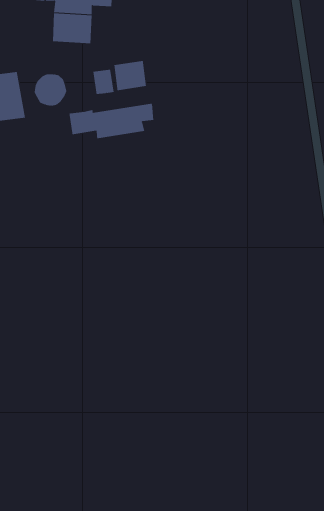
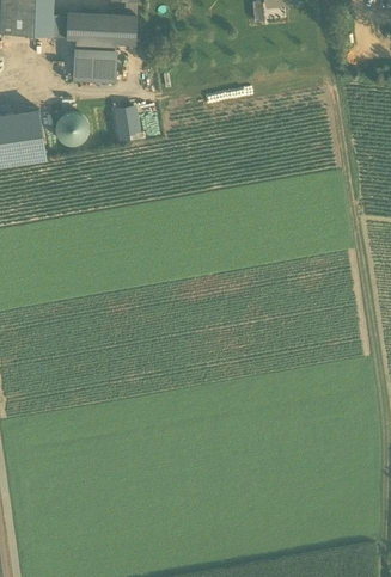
building: [114,60,147,91] -> none
building: [69,103,154,139] -> none

